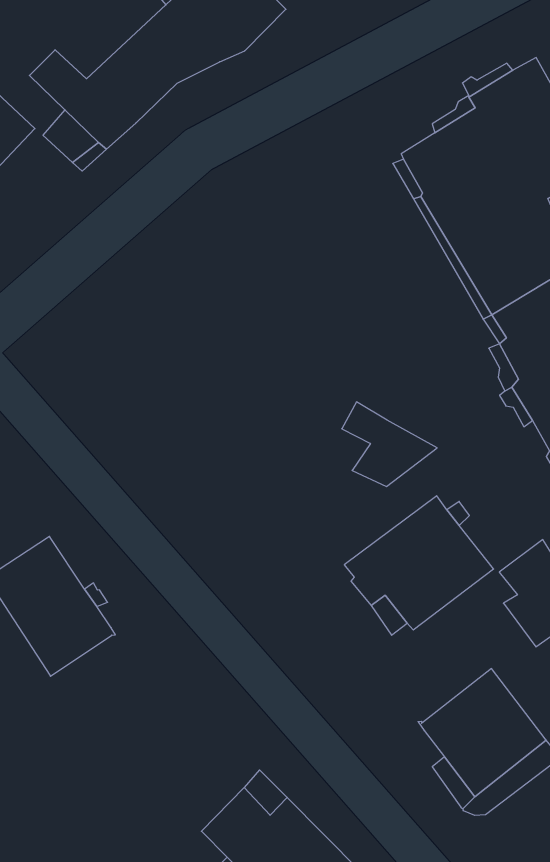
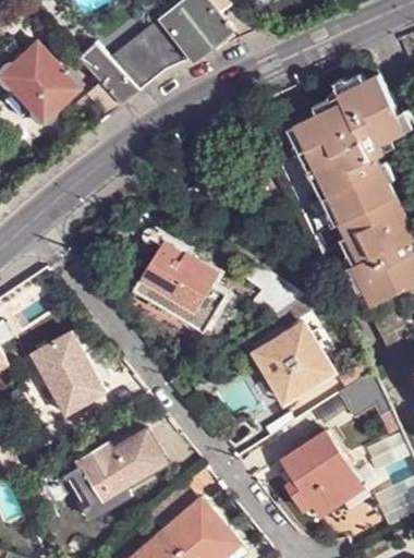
building: none -> [133,243,226,333]
building: none -> [68,430,169,519]

